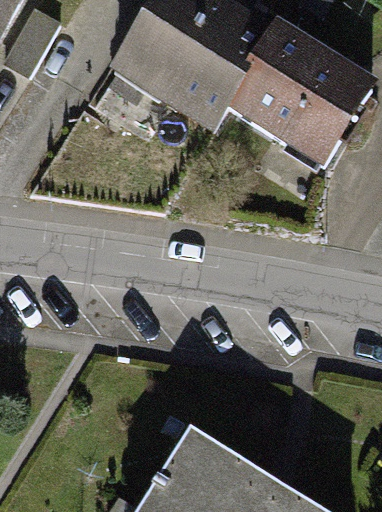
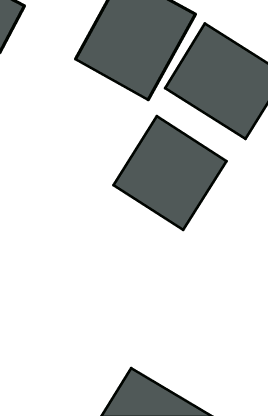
building: none -> [113,116,226,230]

